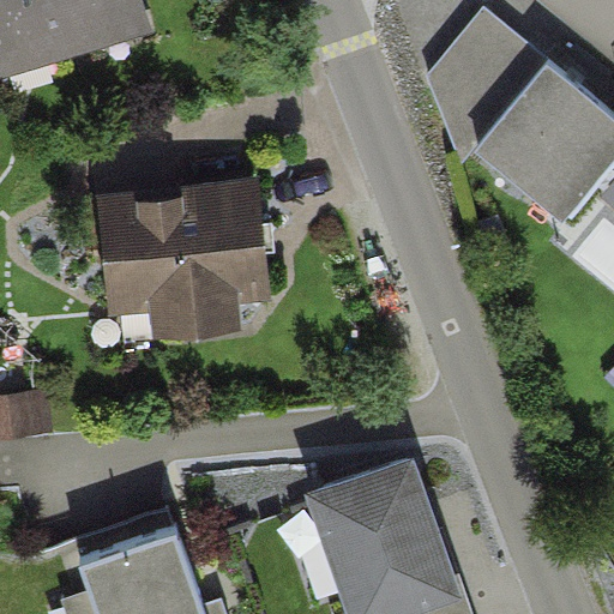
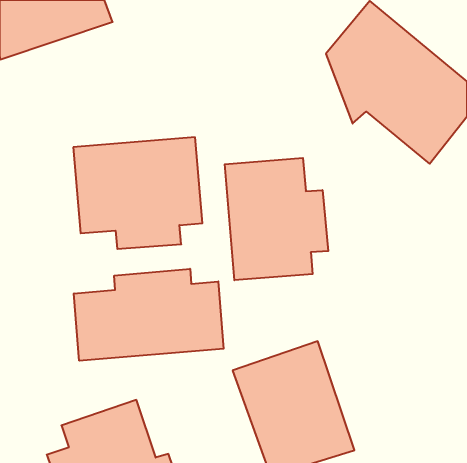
building: none -> [225,158,328,280]
building: none -> [74,269,224,361]

